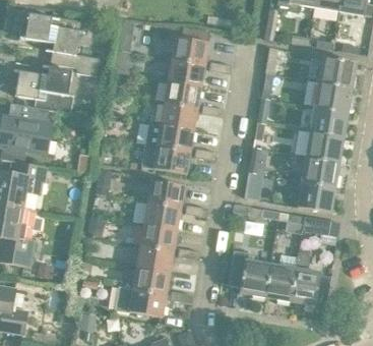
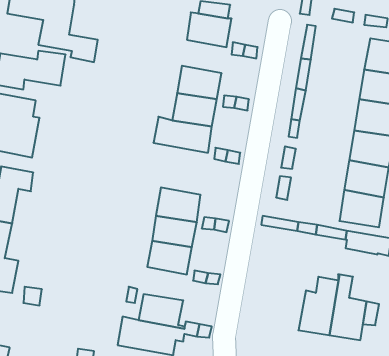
building: [168,59,204,86] -> none
building: [141,143,189,174] -> none
building: [136,245,172,273] -> none
building: [227,250,269,297] -> none

